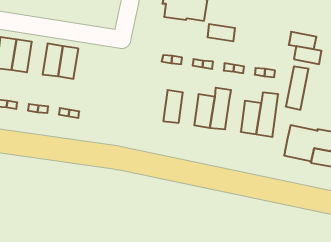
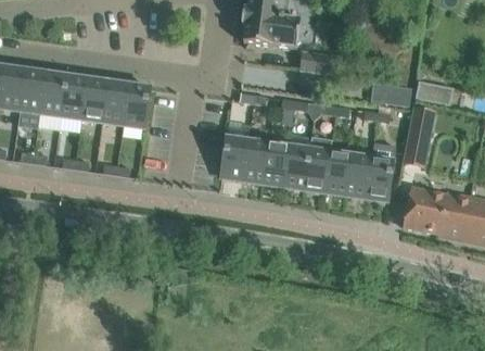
building: [289,32,316,49] -> [376,84,413,106]
building: none -> [61,75,88,118]
building: none -> [123,84,150,127]
building: none -> [220,136,247,180]
building: none -> [263,142,289,186]
building: none -> [324,151,350,195]

